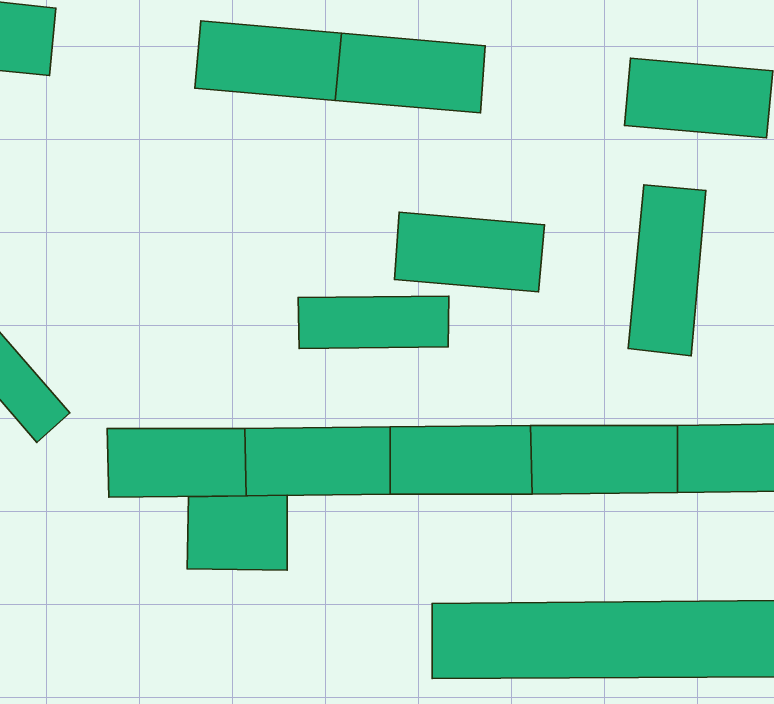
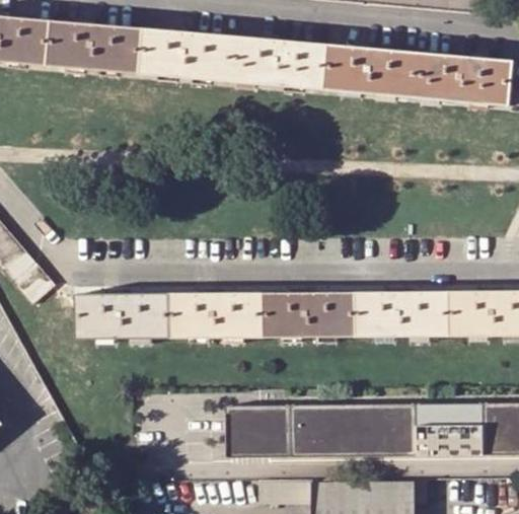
building: none -> [44,20,142,72]
building: [628,185,706,356] -> none
building: [395,212,545,292] -> [323,45,421,96]
building: [298,296,449,349] -> none
building: [187,495,287,570] -> [227,407,292,455]

